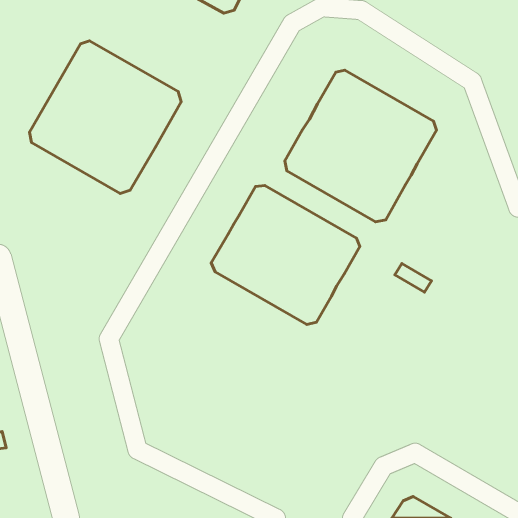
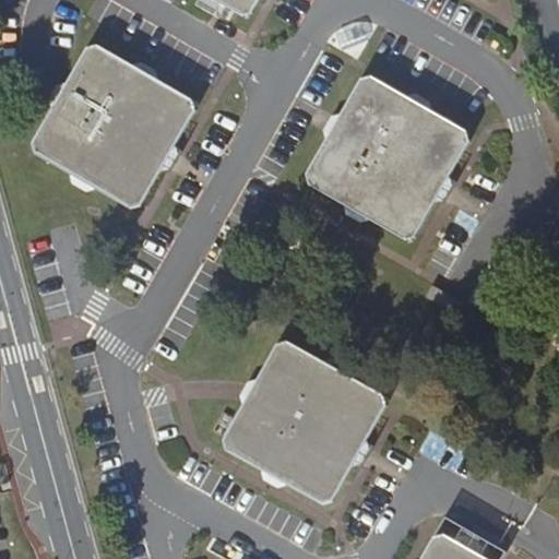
building: [211,186,360,324] -> none
building: none -> [222,340,385,503]

